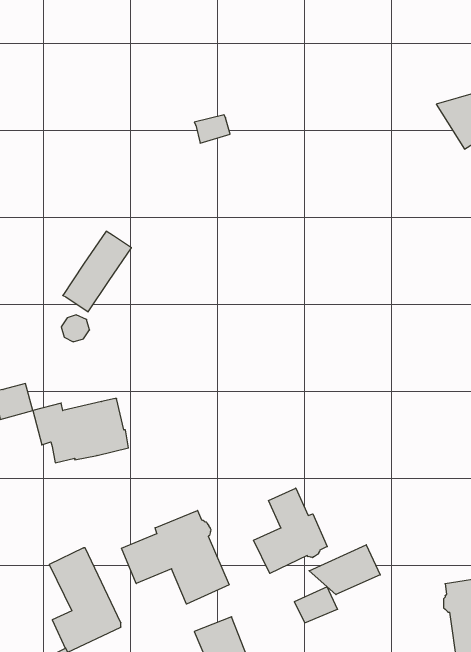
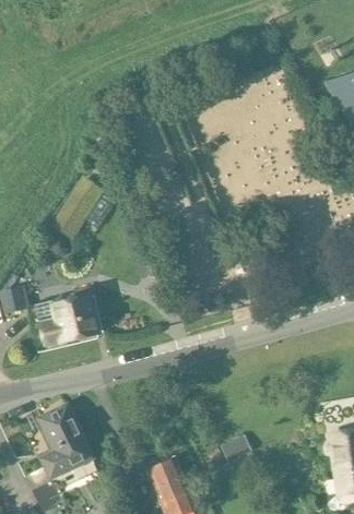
building: [254,488,327,573] -> none
building: [122,510,229,604] -> none
building: [309,545,380,595] -> none

